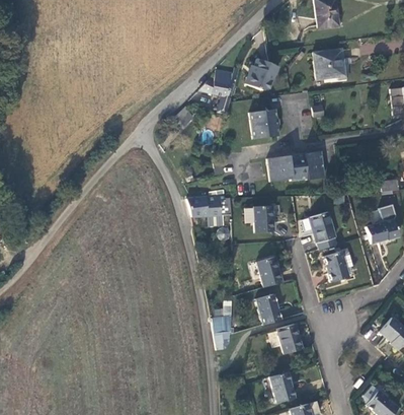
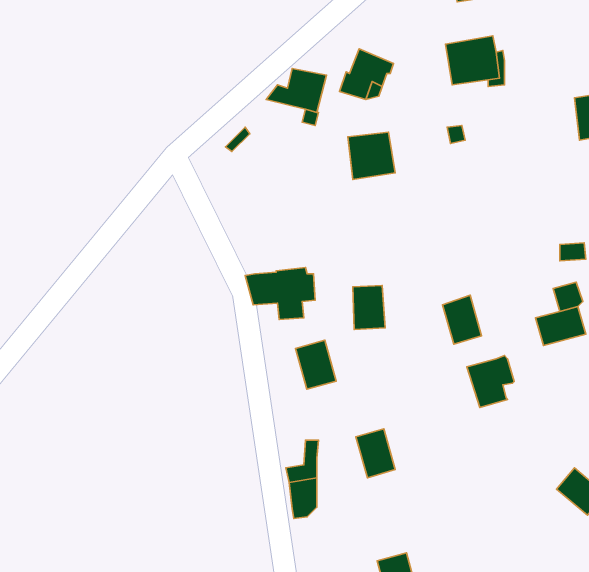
building: [266,151,323,182] -> none
building: [255,257,280,287] -> [295,340,336,389]
building: [276,324,301,353] -> none

